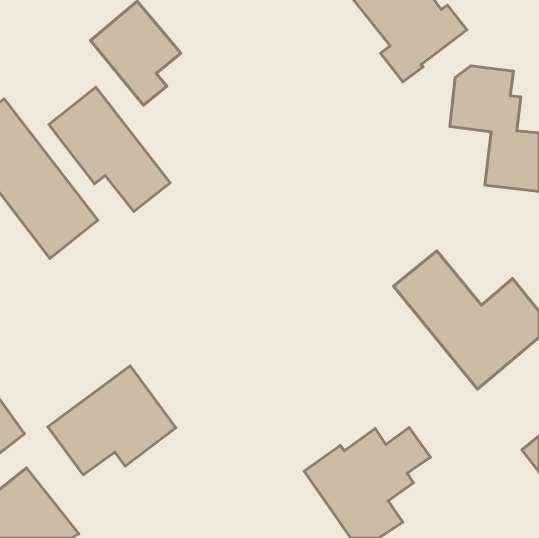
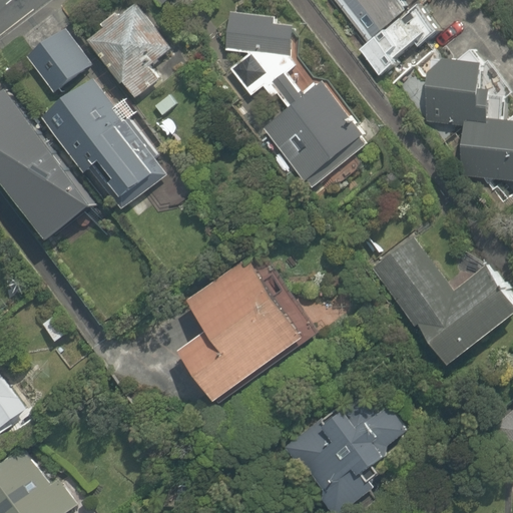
building: none -> [224,11,361,180]
building: none -> [25,27,88,91]
building: none -> [178,248,318,400]
building: [48,366,176,475] -> none

